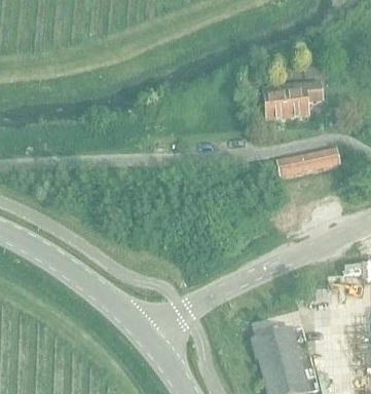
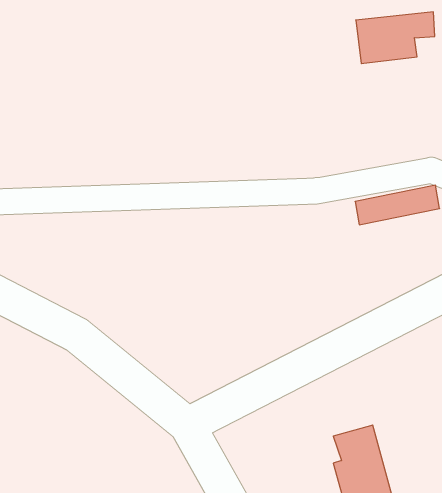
building: [262,80,322,119] -> [356,12,435,64]

